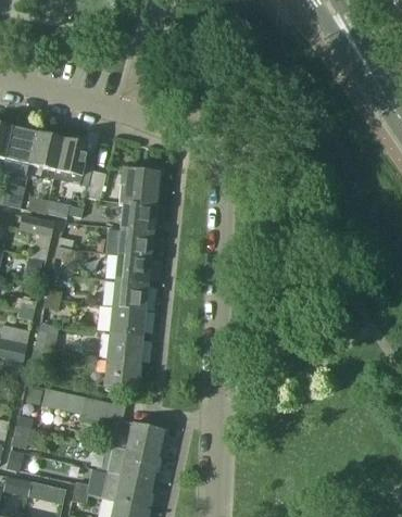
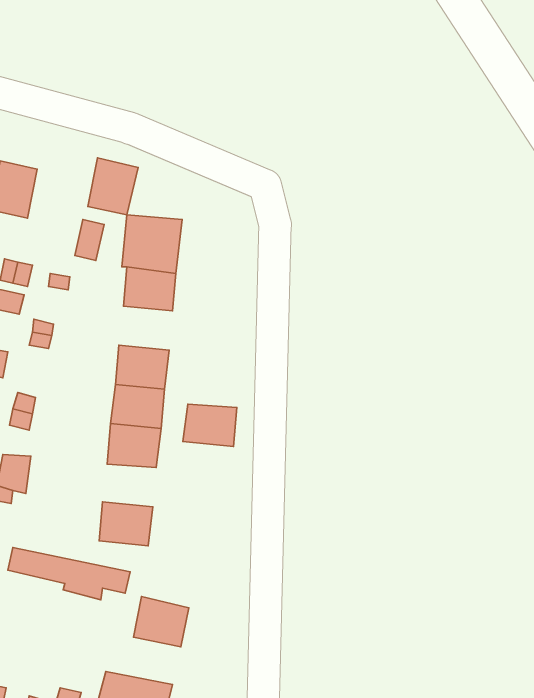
building: [56,138,90,176] -> [88,158,138,215]
building: [117,229,153,258] -> none
building: [106,335,142,363] -> [183,404,237,447]
building: [109,446,159,481] -> none

